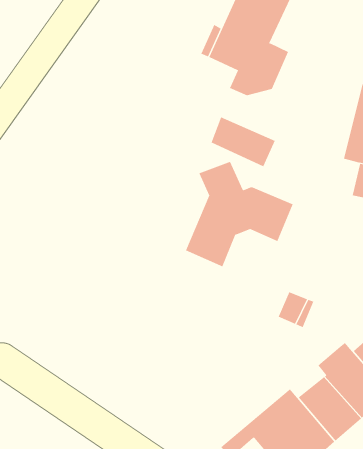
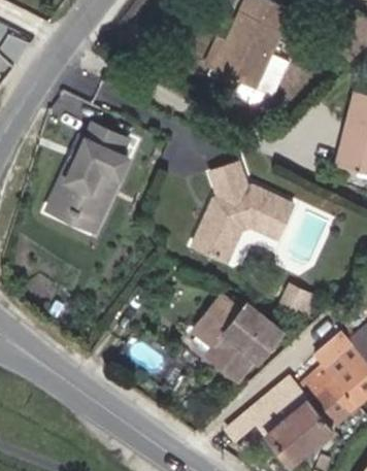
building: [211,116,275,167] -> none
building: none -> [52,123,124,230]
building: none -> [198,297,283,381]

